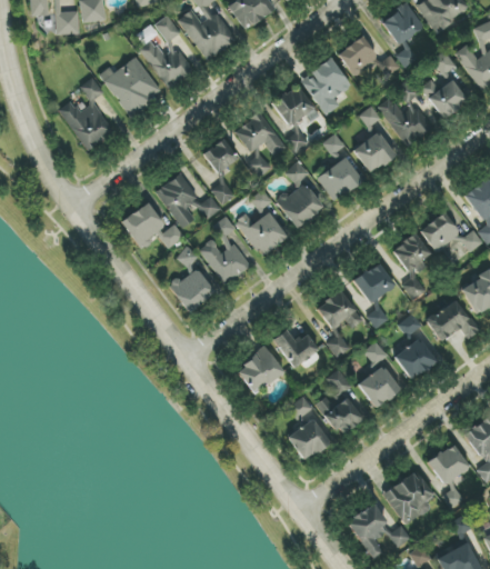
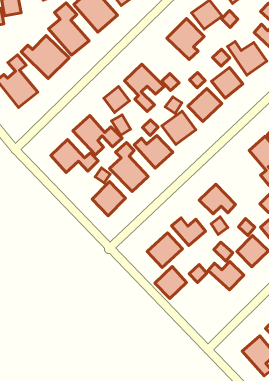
building: [272,86,314,127] -> none
building: [352,263,396,328] -> none
building: [287,418,330,461] -> [155,266,186,298]

